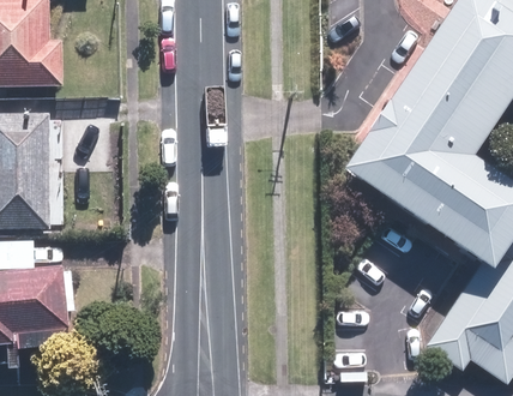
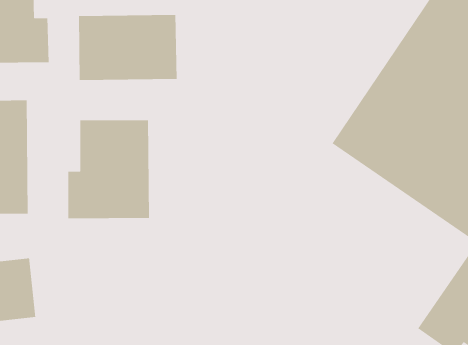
building: none -> [78,14,178,81]
building: none -> [68,119,150,219]

